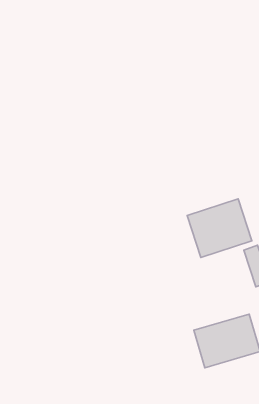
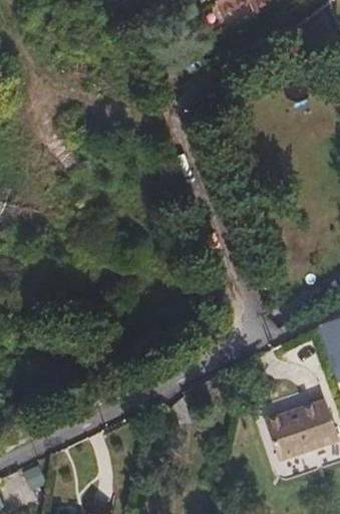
building: [187,199,252,257] -> none

